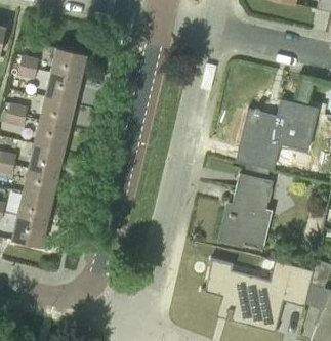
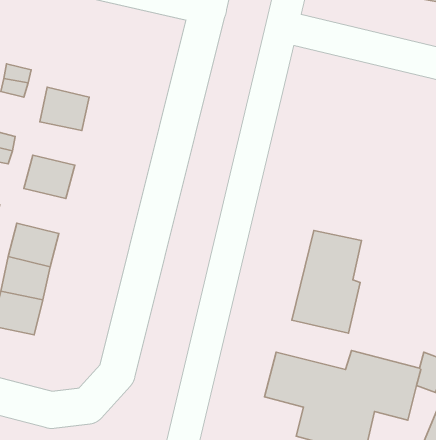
building: [50,47,86,79] -> none
building: [40,96,75,127] -> none
building: [236,100,318,165] -> none
building: [29,143,64,175] -> none

